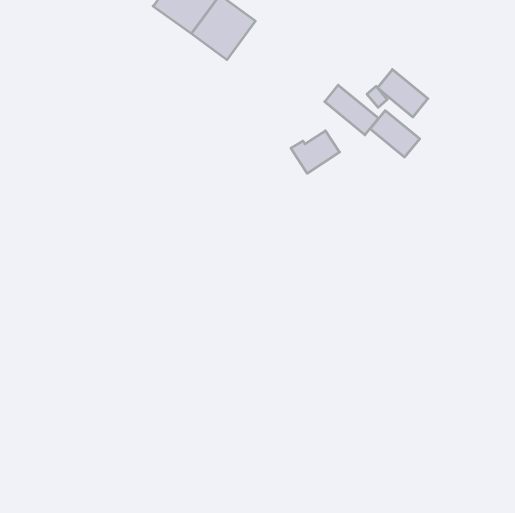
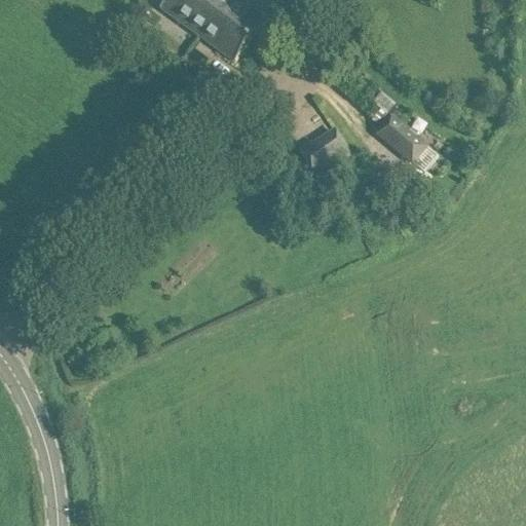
building: [377,69,428,117] -> none
building: [325,85,379,135] -> none

